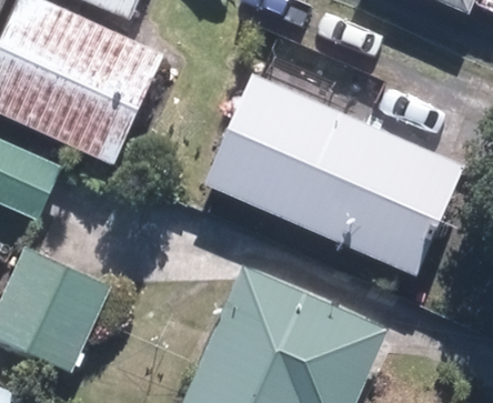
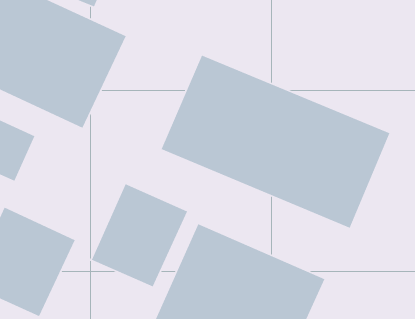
building: none -> [91,183,188,288]

